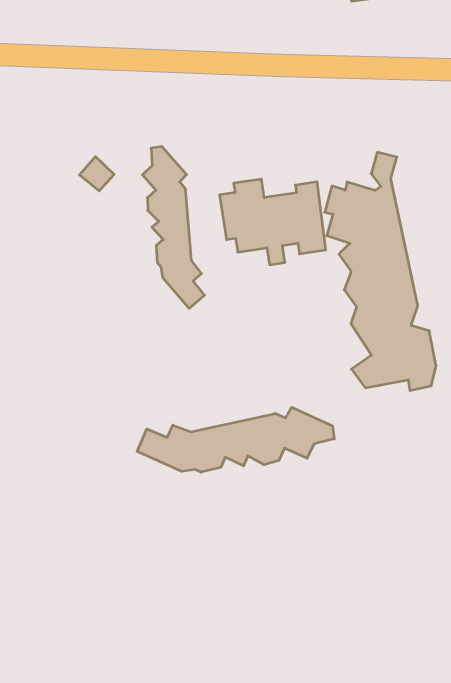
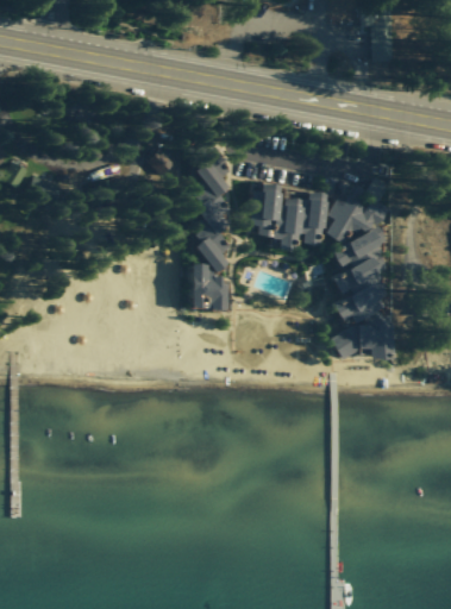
building: none -> [193,264,226,310]
building: [137,407,334,472] -> none

